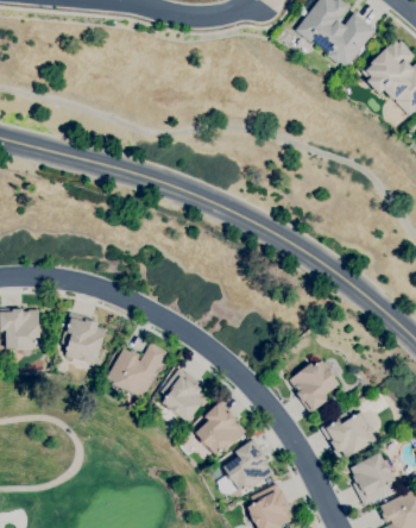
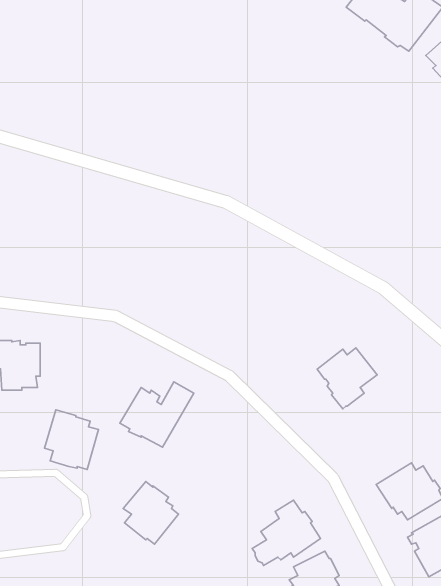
building: [61,313,106,363] -> [45,410,99,470]
building: [289,362,339,413] -> [317,348,377,409]
building: [160,369,207,421] -> [123,481,179,544]
building: [196,401,246,454] -> none

